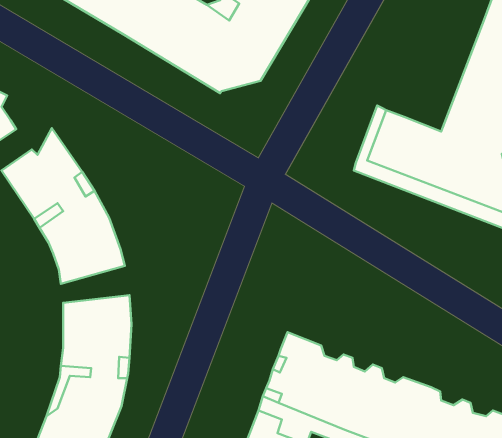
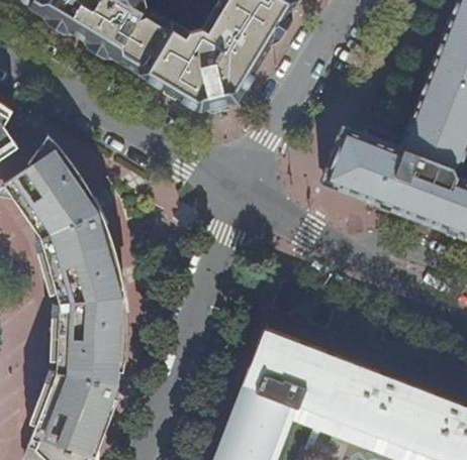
building: none -> [61,267,122,301]

